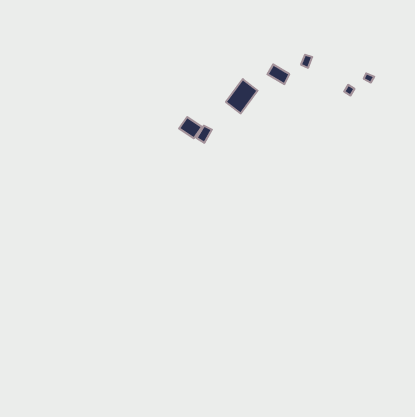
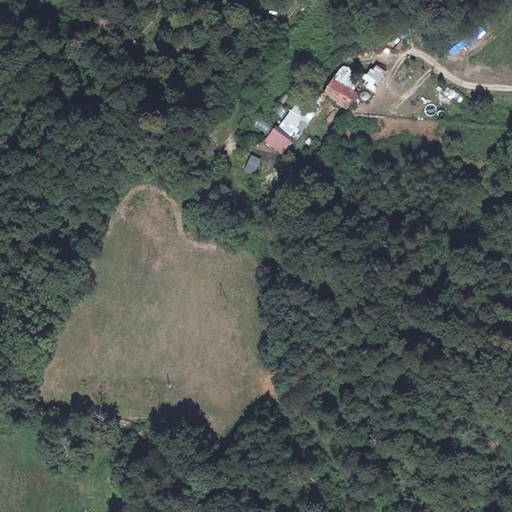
building: [179,117,202,138] -> [262,127,290,153]

